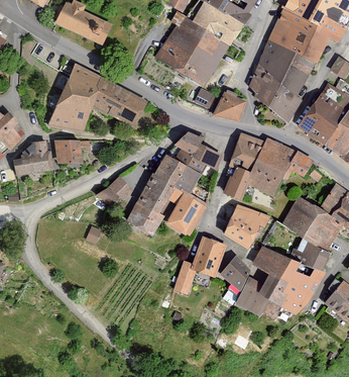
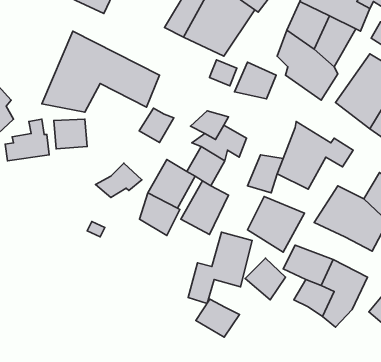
building: [229,136,263,171] -> none
building: [154,153,184,182] -> [139,108,174,143]
building: [296,238,332,272] -> none
building: [237,284,274,316] -> [196,299,240,337]

